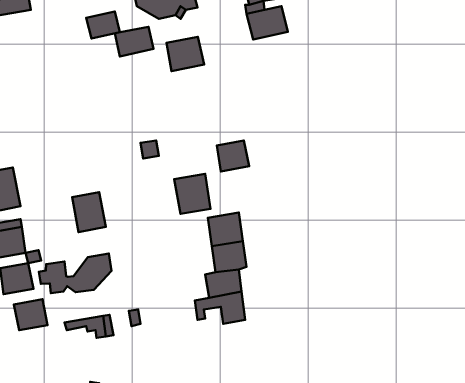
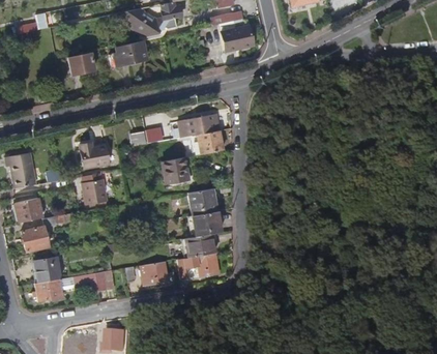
building: [86,11,120,38] -> [67,52,94,73]
building: [167,37,204,71] -> none
building: none -> [183,115,218,138]
building: none -> [79,144,108,169]
building: [39,254,111,293] -> none
building: none -> [143,262,169,287]
building: none -> [35,279,64,302]

